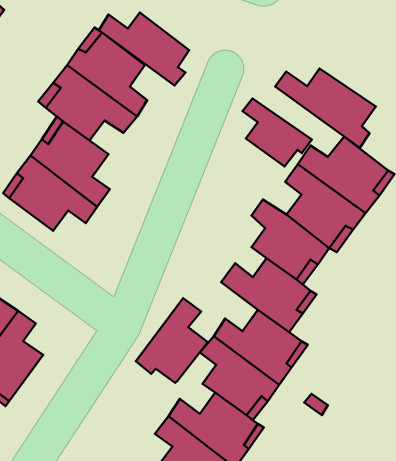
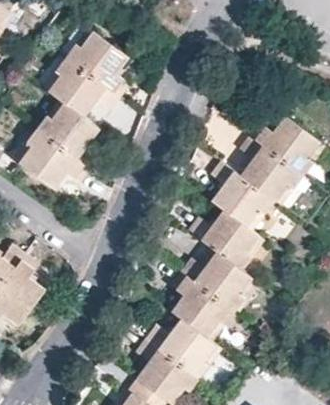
building: [99,13,189,86] -> none
building: [275,68,376,148] -> none
building: [242,99,312,167] -> none
building: [136,298,208,383] -> none

